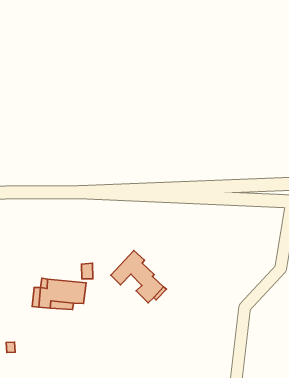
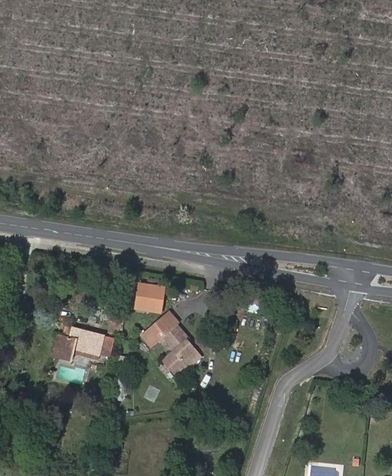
building: none -> [136,280,171,313]

